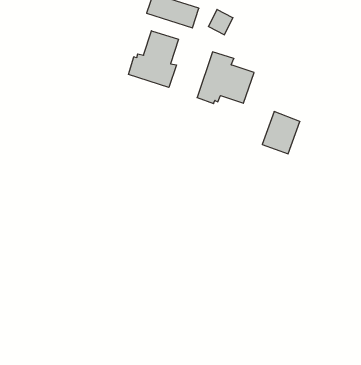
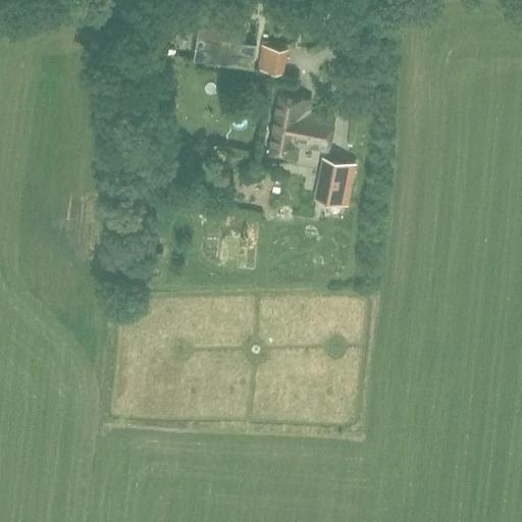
building: [129,31,178,87] -> none
building: [262,112,300,154] -> [314,158,356,207]

